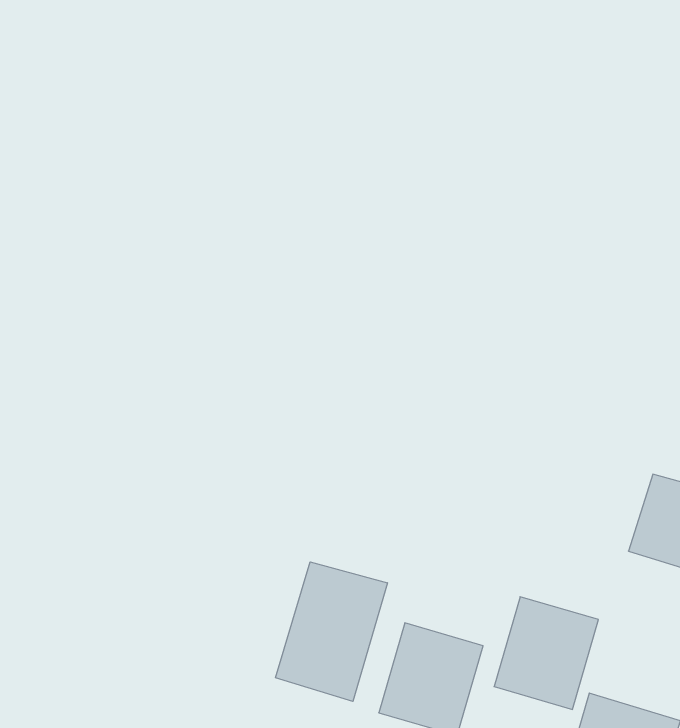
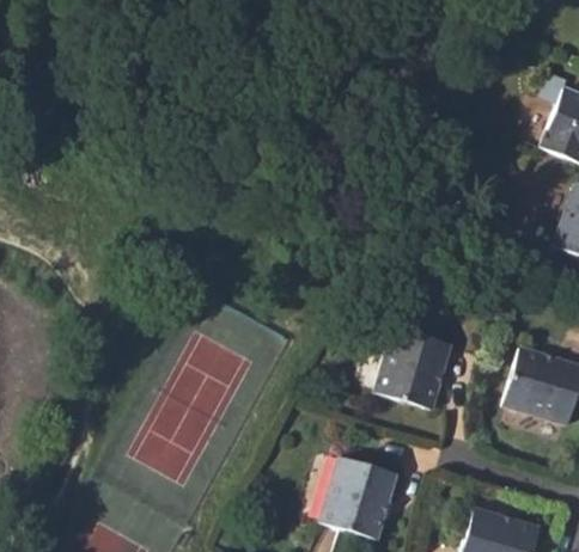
building: [275,562,387,701] -> none
building: [494,597,598,709] -> [376,326,452,409]

